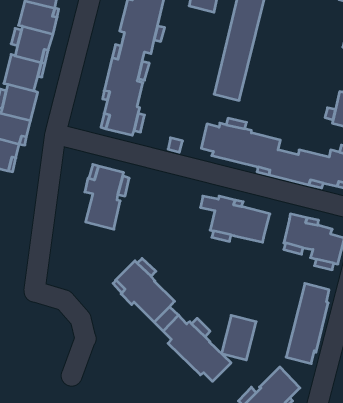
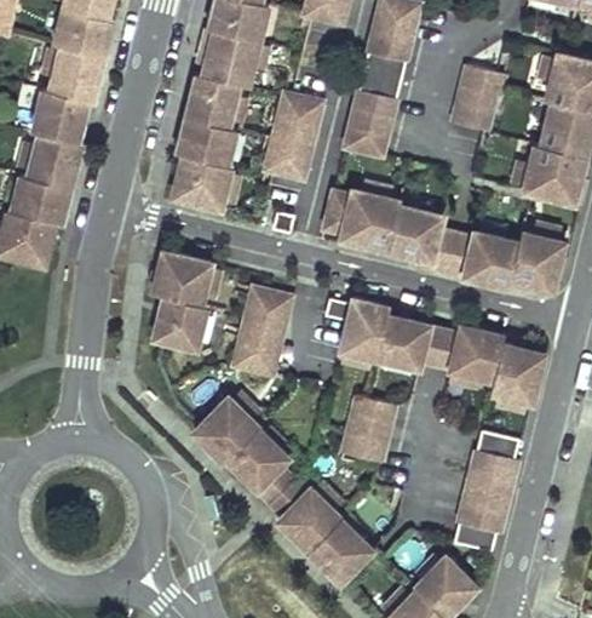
building: none -> [453,64,505,131]
building: none -> [269,92,326,178]
building: none -> [230,286,289,385]
building: none -> [419,325,458,368]
building: [221,315,256,360] -> [340,395,392,462]

